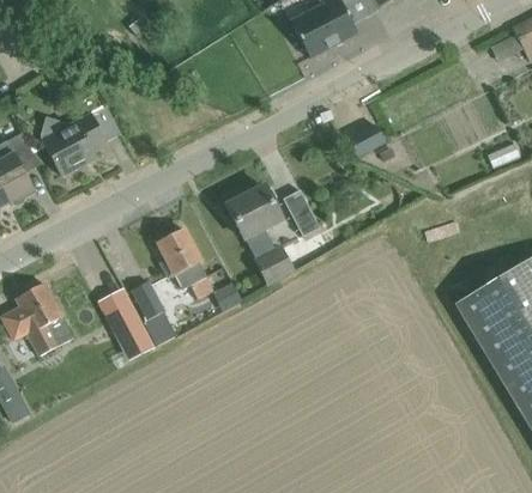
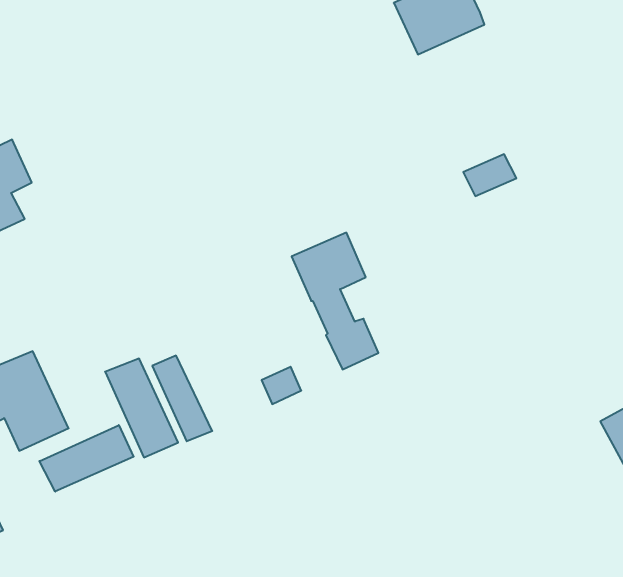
building: [40,105,120,174] -> none
building: [283,188,321,236] -> none
building: [158,227,210,298] -> none
building: none -> [39,425,134,492]

